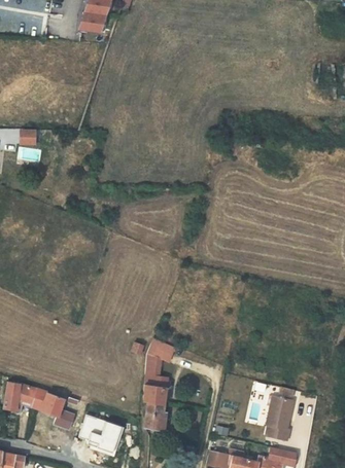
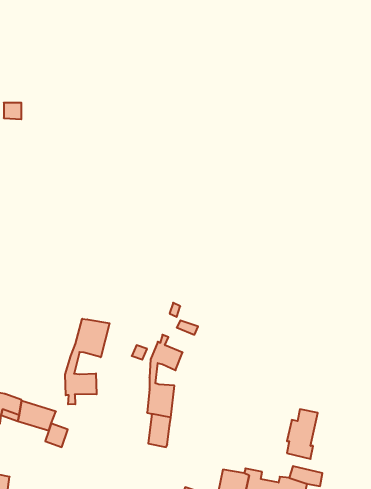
building: none -> [65,319,110,404]
building: [80,416,124,453] -> none

